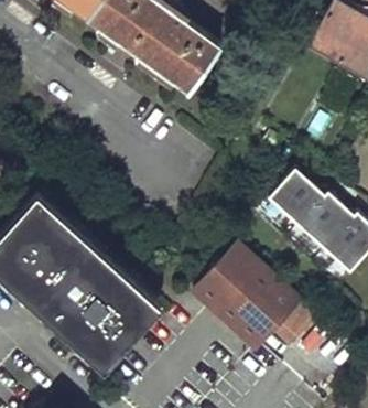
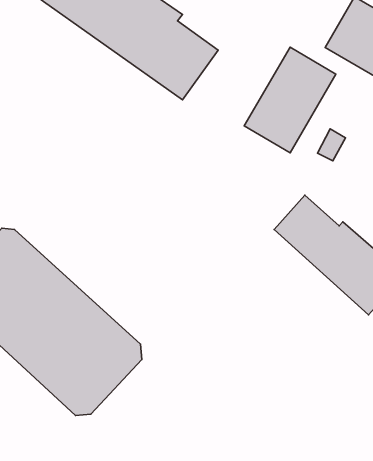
building: none -> [244,47,336,153]
building: [193,245,306,350] -> none

